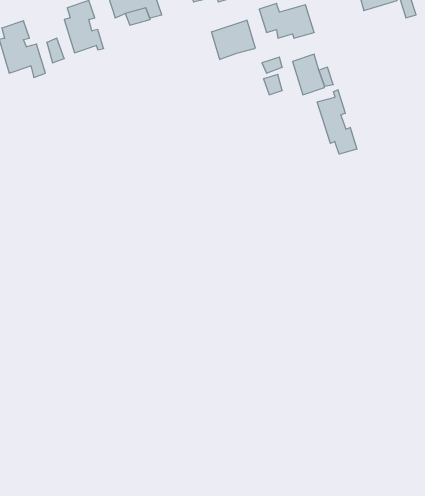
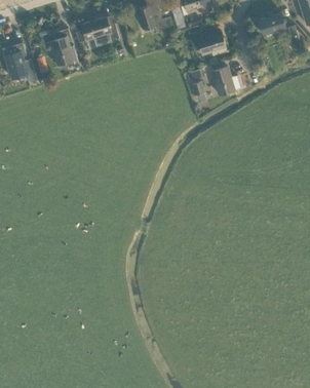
building: [212,20,255,60] -> none
building: [317,90,357,154] -> none

